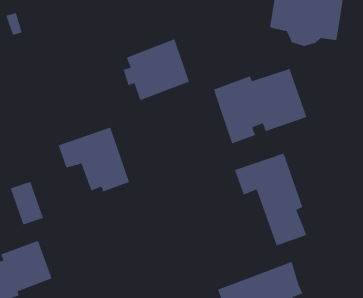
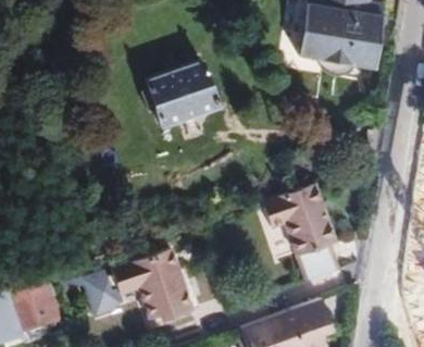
building: [213,68,307,144] -> none
building: [58,127,130,192] -> [119,255,197,325]
building: [10,181,44,225] -> [85,269,122,317]

